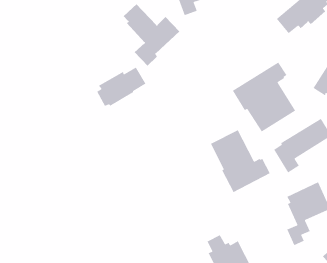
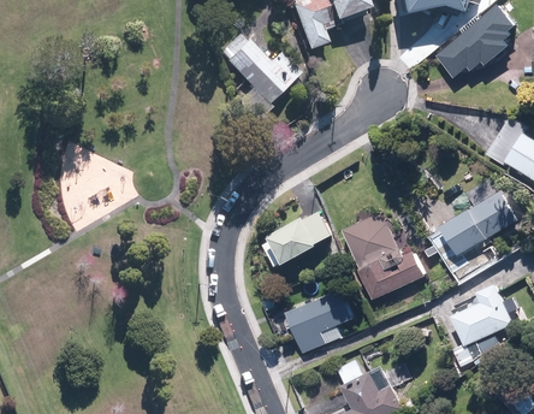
building: [232,62,296,133] -> none
building: [96,67,147,107] -> [263,209,334,266]
building: none -> [285,286,354,353]

